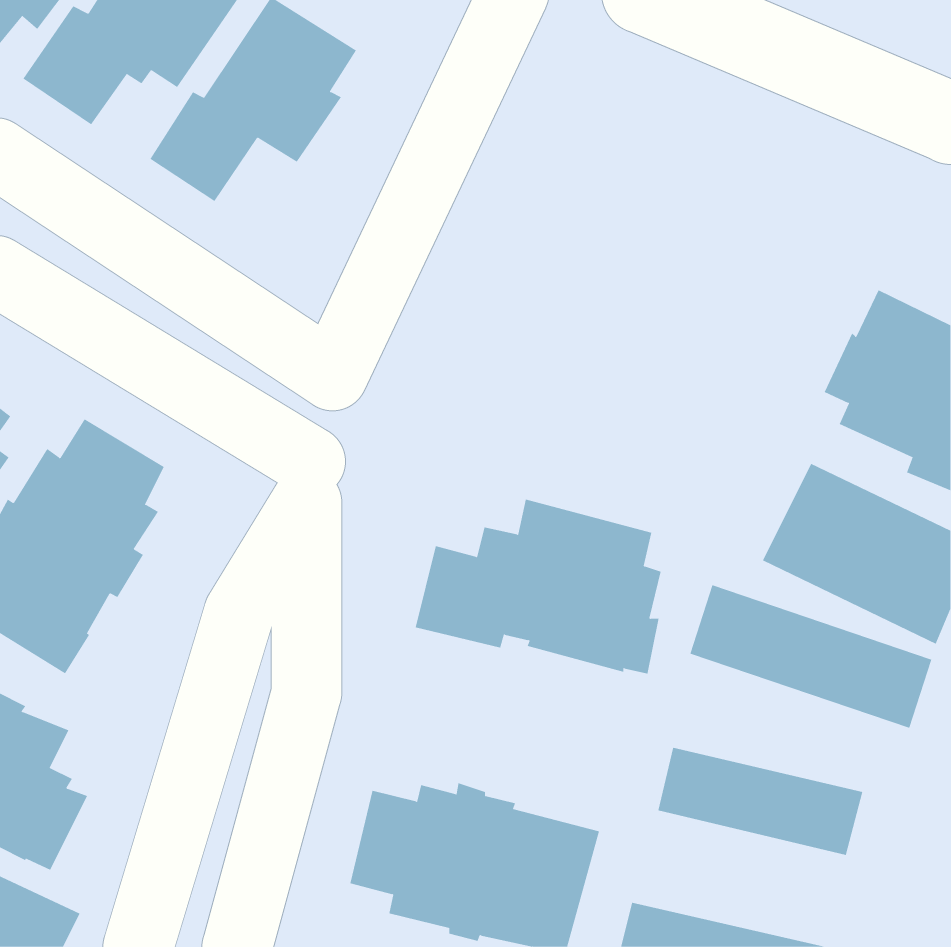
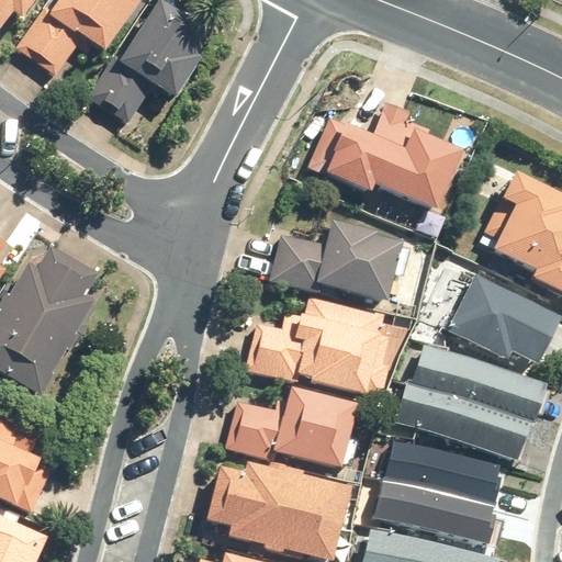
building: none -> [307,101,463,211]
building: none -> [267,218,403,300]
building: none -> [391,384,535,469]
building: none -> [223,387,358,469]
building: none -> [378,476,497,541]

